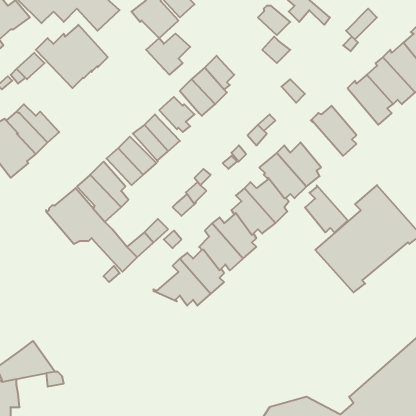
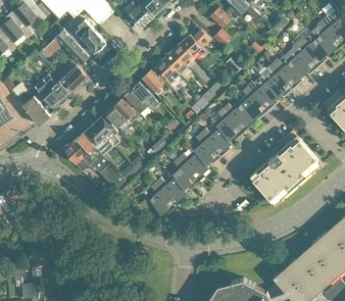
building: [146,34,190,75] -> [181,30,211,58]
building: none -> [260,63,293,97]
building: none -> [57,64,88,92]
building: [305,185,348,232] -> [239,86,268,118]

